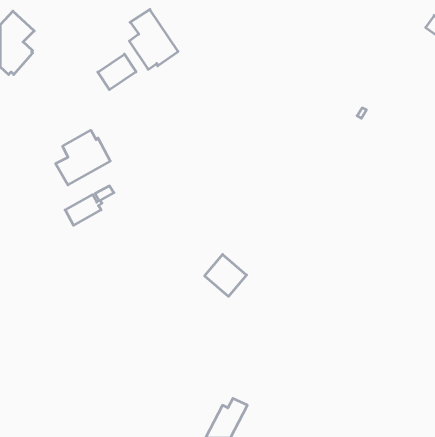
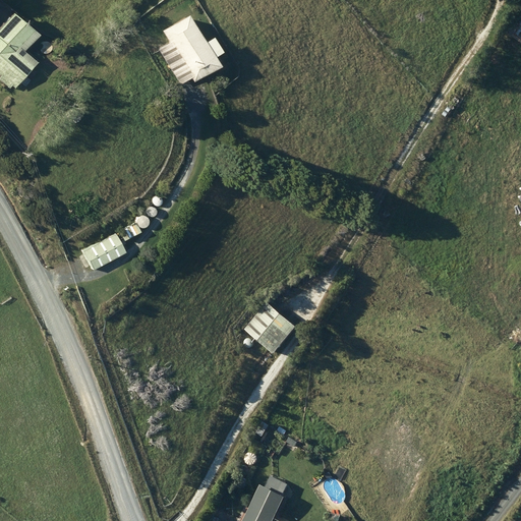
building: [98,54,136,90] -> none
building: [56,130,110,185] -> none

